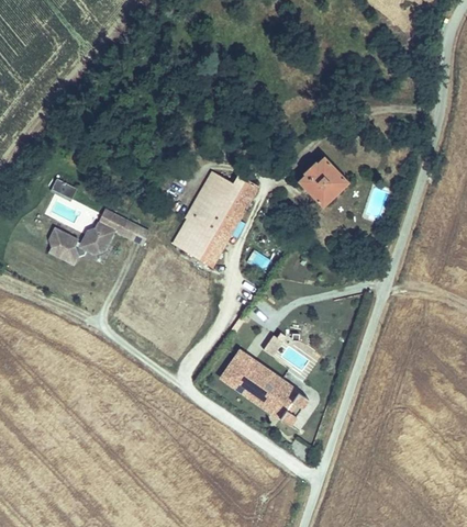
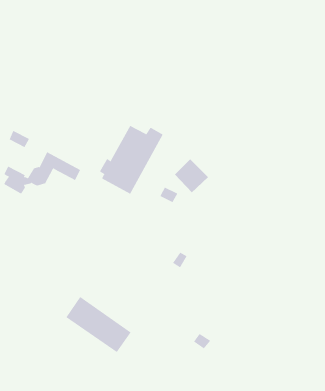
building: [299,159,344,204] -> [174,158,209,193]
building: [220,349,305,423] -> [66,296,132,353]

